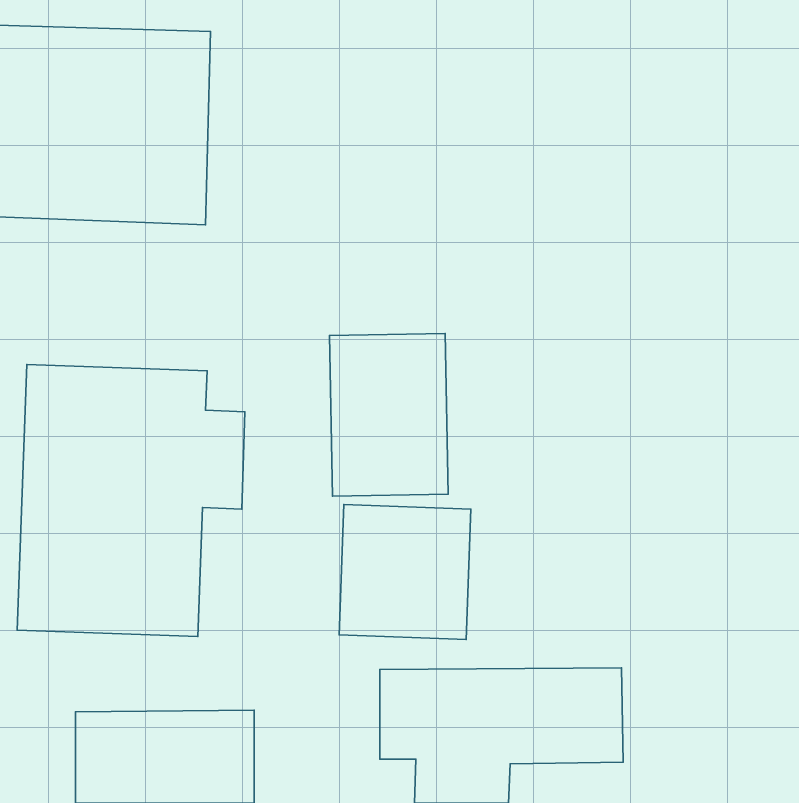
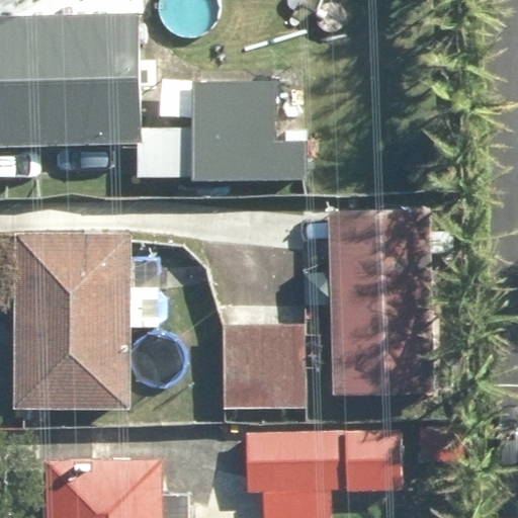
building: none -> [140,81,311,183]
building: none -> [329,211,434,394]
building: [329,333,448,496] -> none

